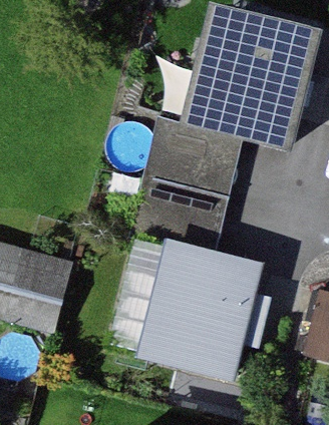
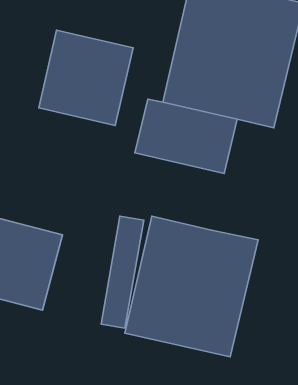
building: none -> [39,30,133,125]
building: [133,175,237,254] -> none

